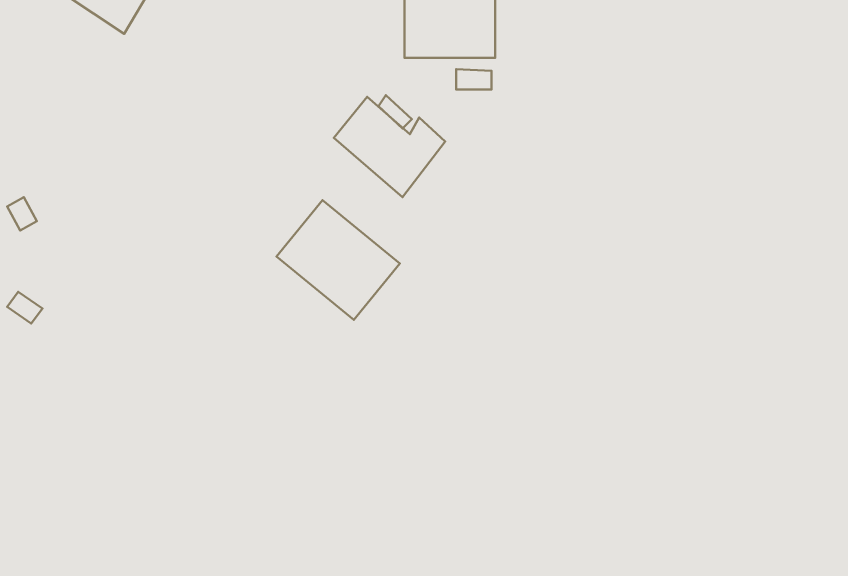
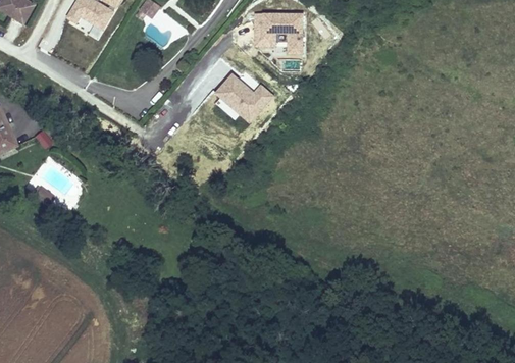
building: [277,200,400,320] -> none

